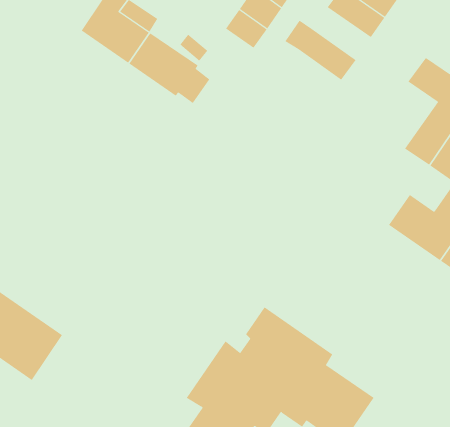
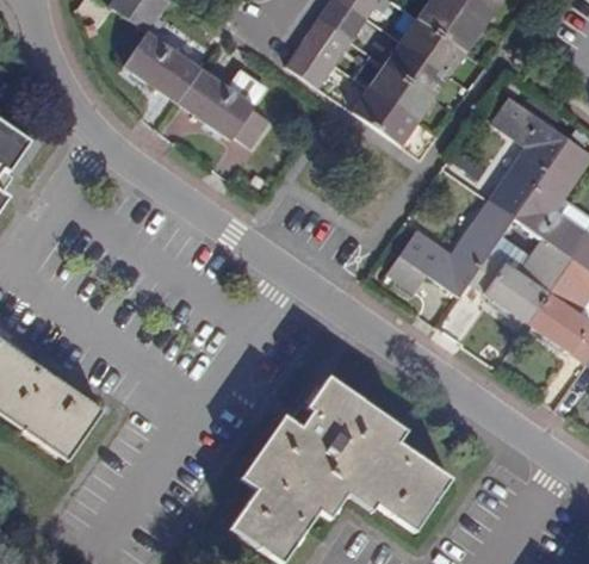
building: none -> [383,39,450,99]
building: none -> [352,87,416,144]
building: none -> [386,198,515,298]

